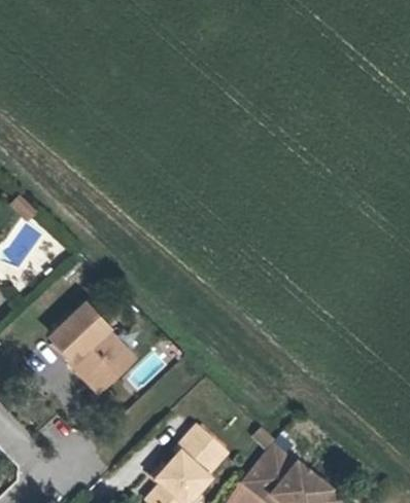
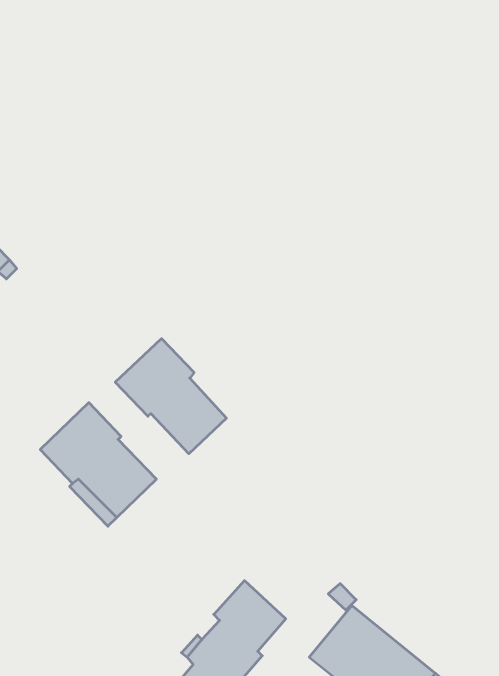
building: none -> [115,339,226,454]

